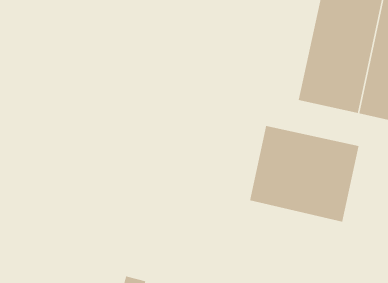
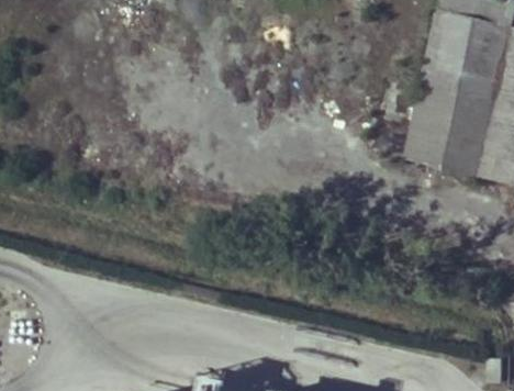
building: [250,125,359,222] -> none

